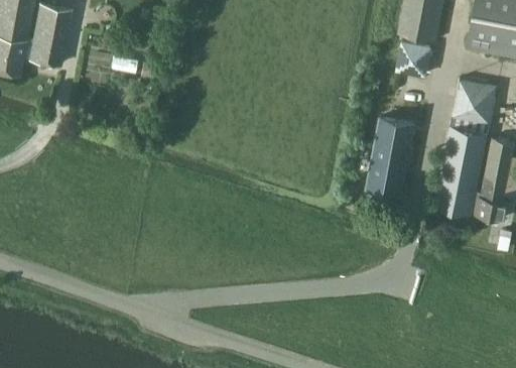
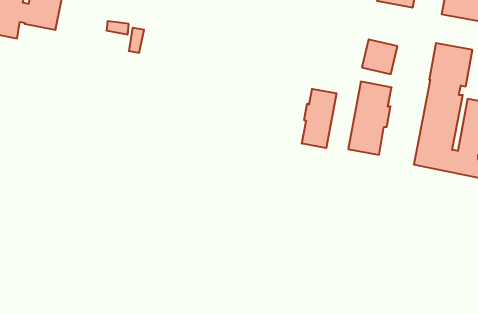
building: [396,38,433,75] -> [362,39,397,74]
building: none -> [302,89,336,148]

